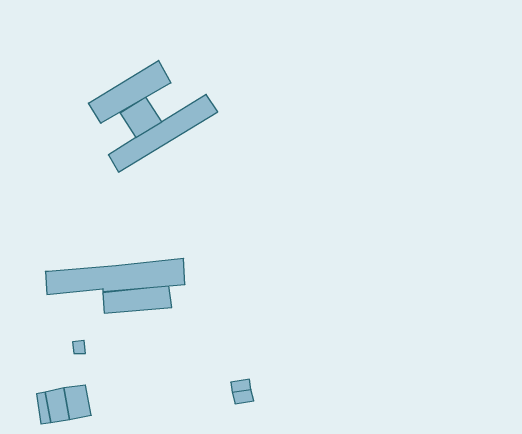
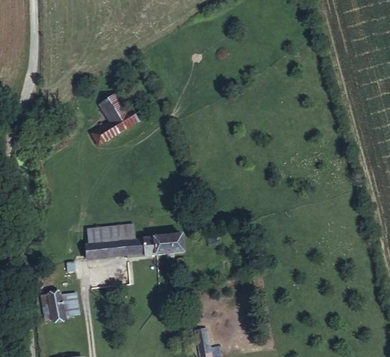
building: [88,60,171,123] -> none
building: [45,258,185,294] -> [86,233,183,258]

